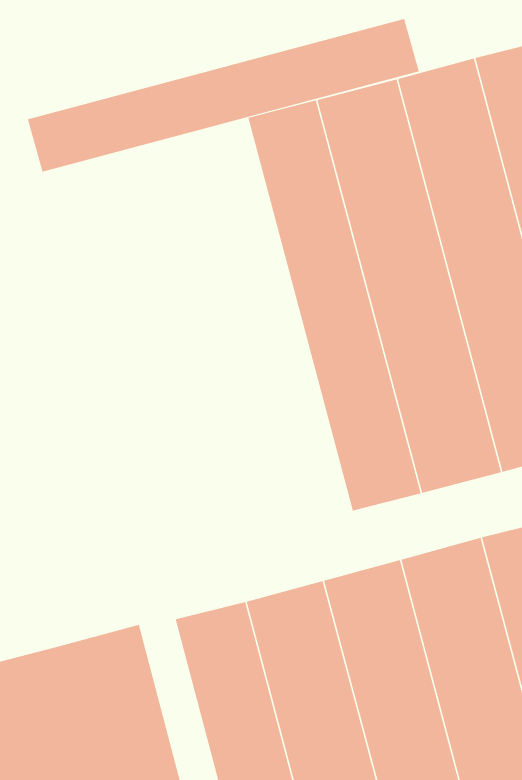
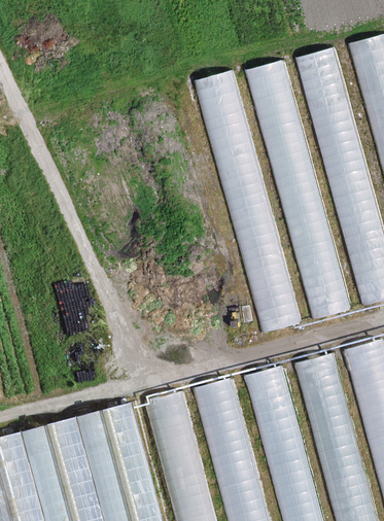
building: [27,18,419,172] -> none

